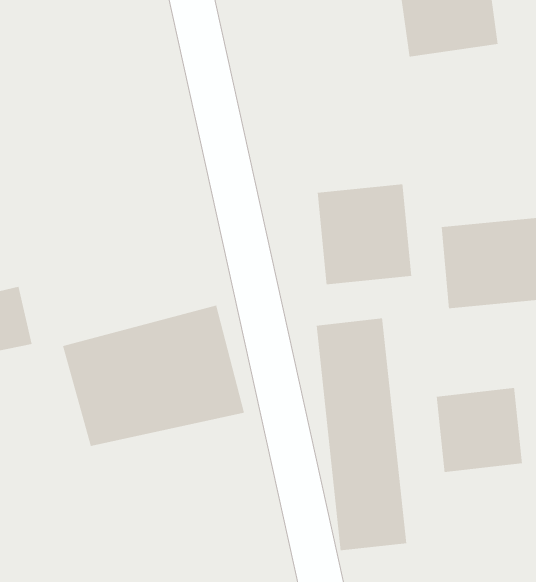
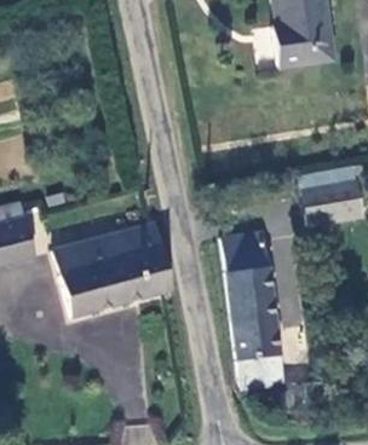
building: [317,184,412,285] -> none
building: [436,387,523,473] -> none

